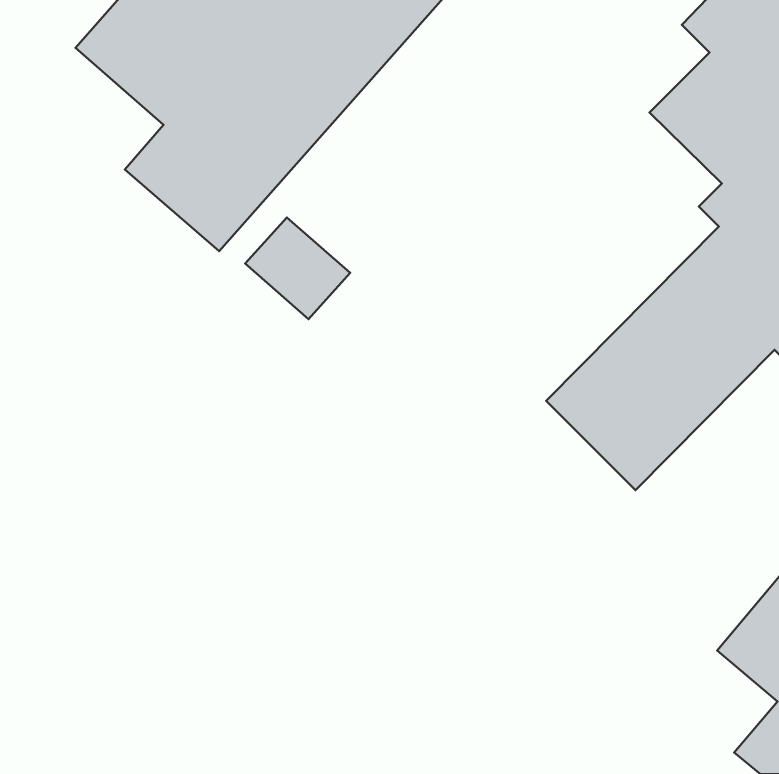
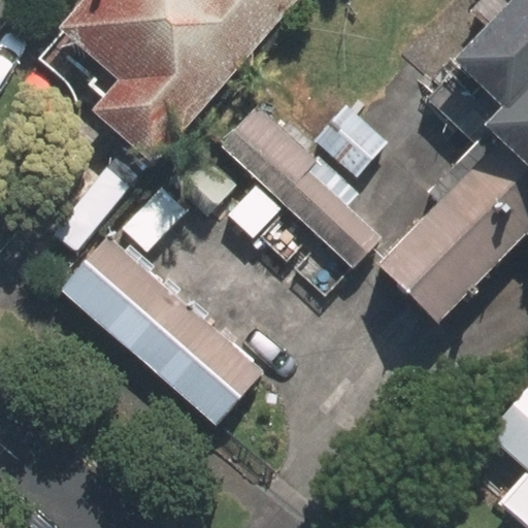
building: none -> [220,101,388,268]
building: none -> [61,233,267,427]

